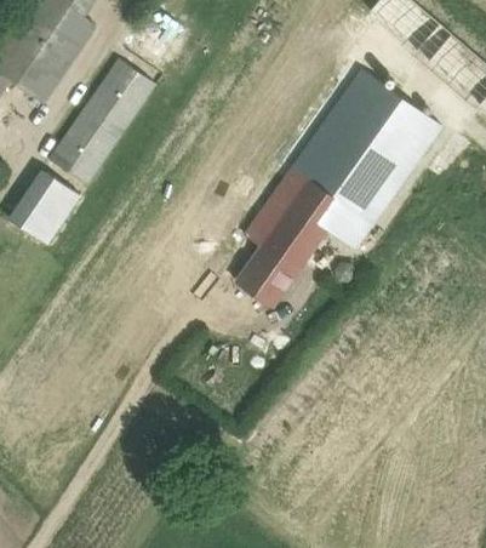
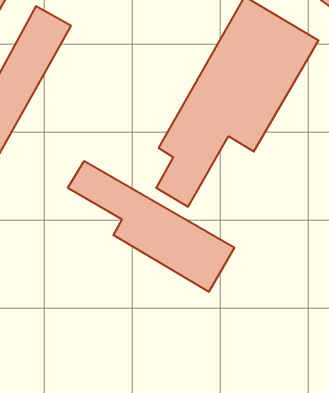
building: none -> [68,161,234,292]

